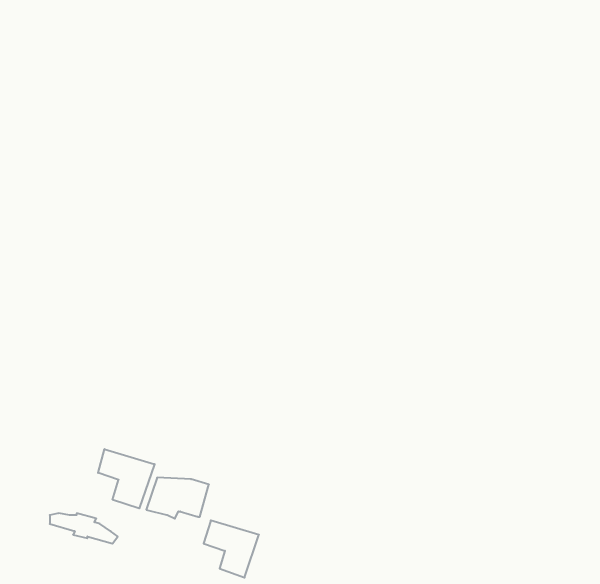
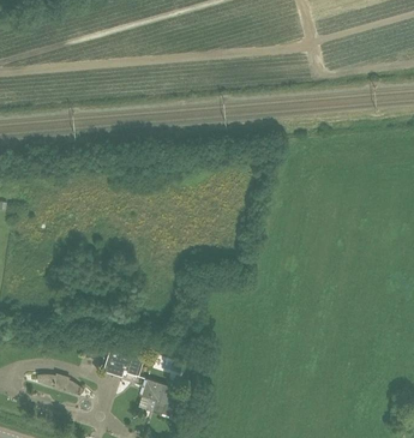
building: [98,449,155,508] -> none

